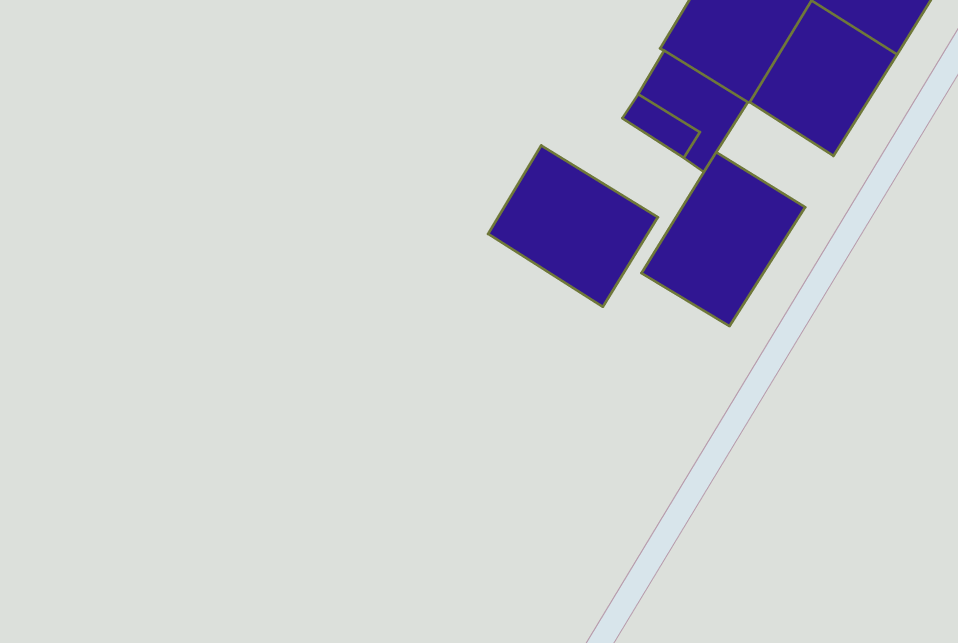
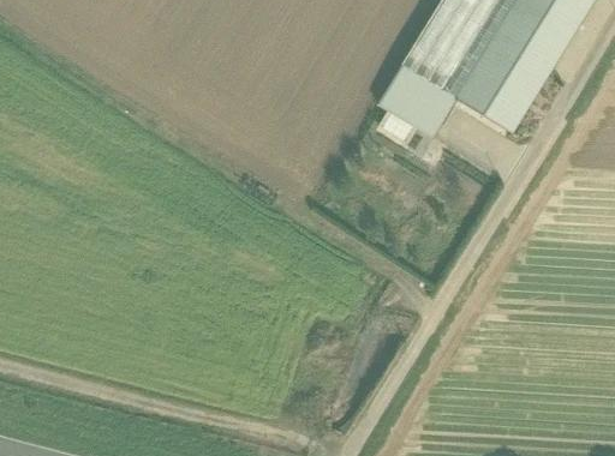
building: [488,145,658,307] -> none
building: [641,152,805,326] -> none

